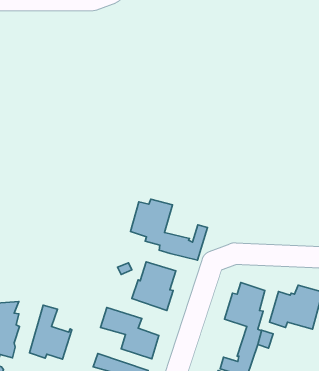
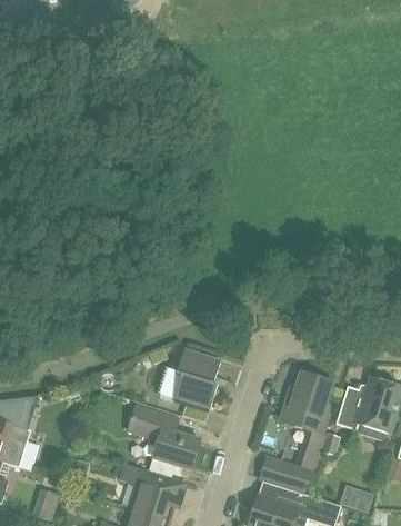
building: [130,199,208,260] -> none
building: [30,305,72,359] -> none

